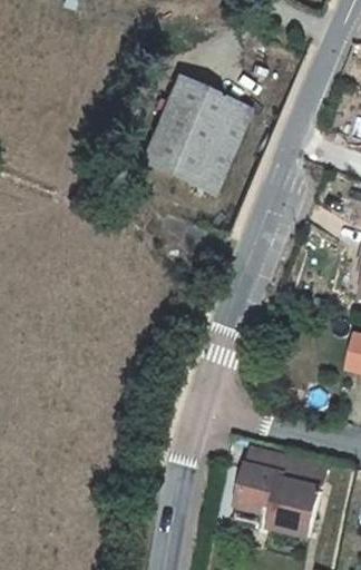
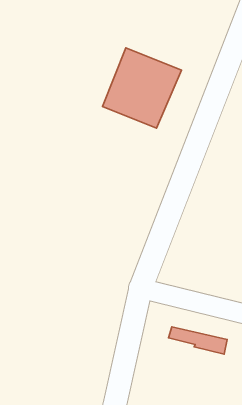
building: [230,473,315,544] -> none

